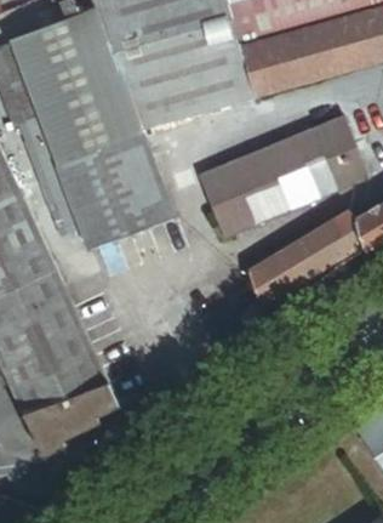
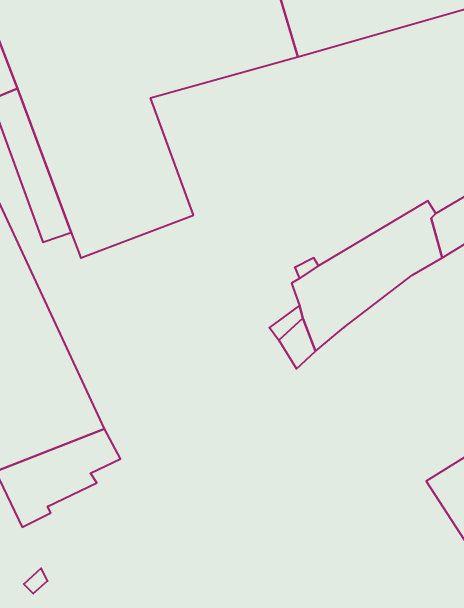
building: [200,114,371,237] -> none

